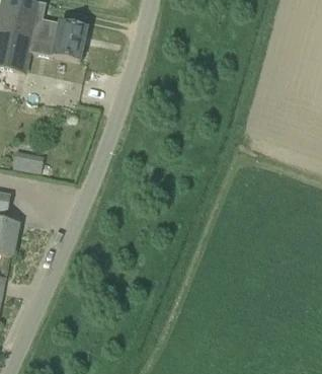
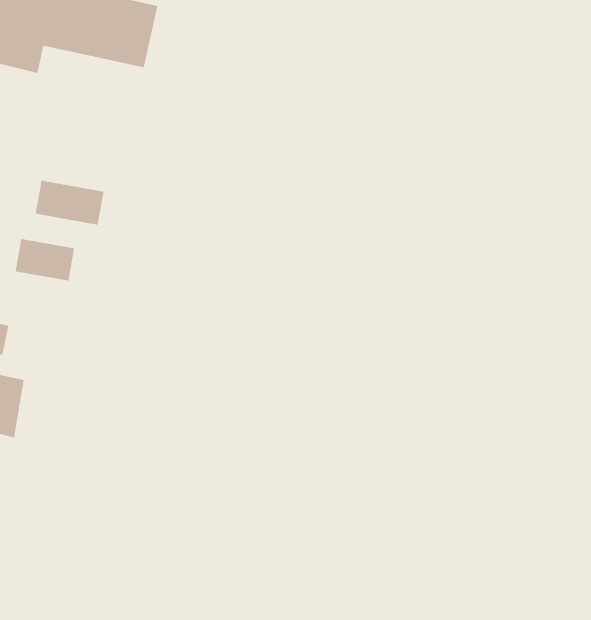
building: none -> [35,180,104,225]

